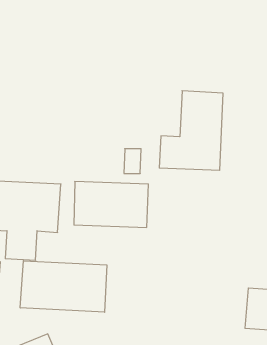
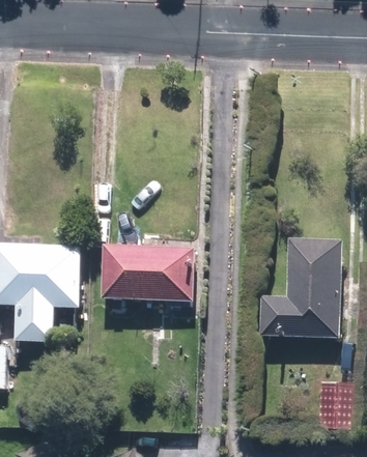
building: [159,91,223,170] -> [259,237,340,338]
building: [20,261,107,312] -> none

